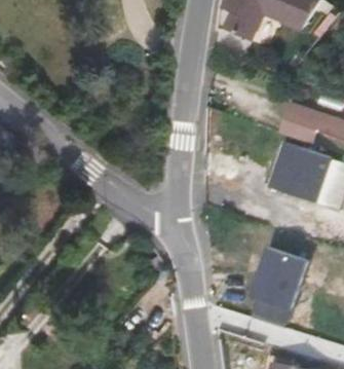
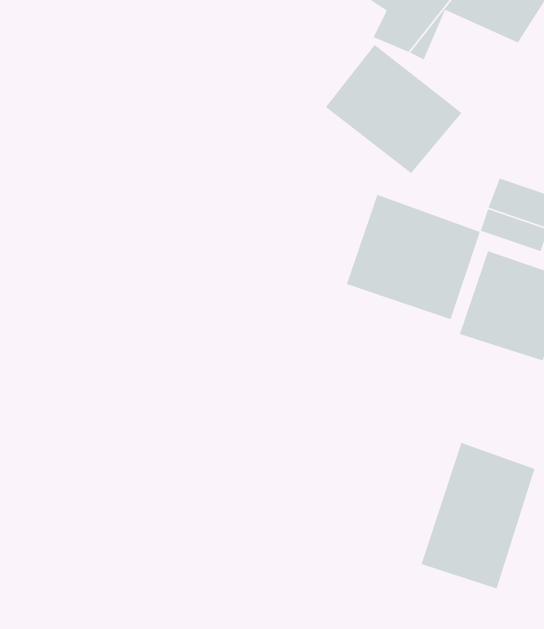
building: none -> [325,44,463,174]
building: none -> [346,194,481,320]

